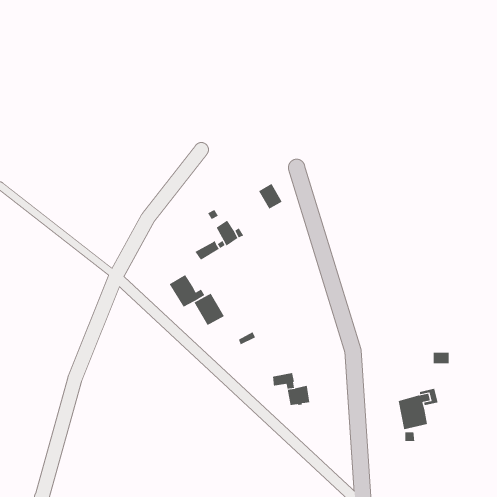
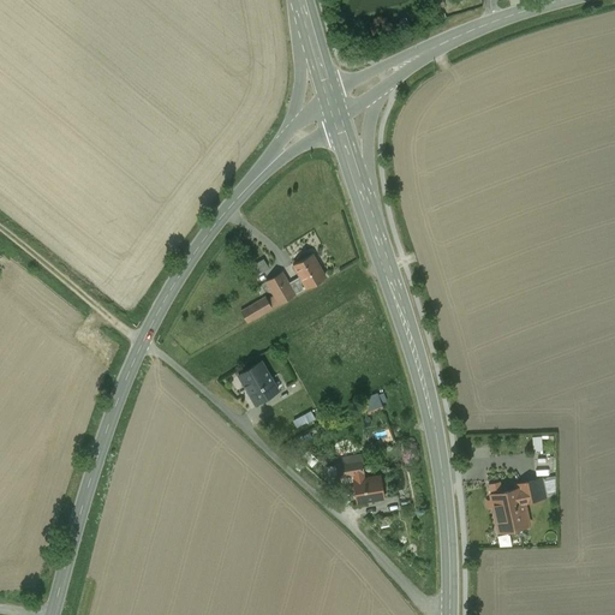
building: [258,183,282,210] -> [294,255,324,287]
building: [169,274,205,308] -> none

